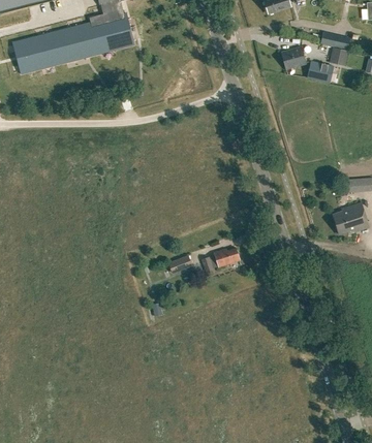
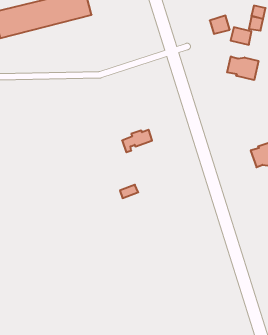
building: none -> [227,56,258,80]
building: [204,246,241,274] -> [122,130,152,152]

